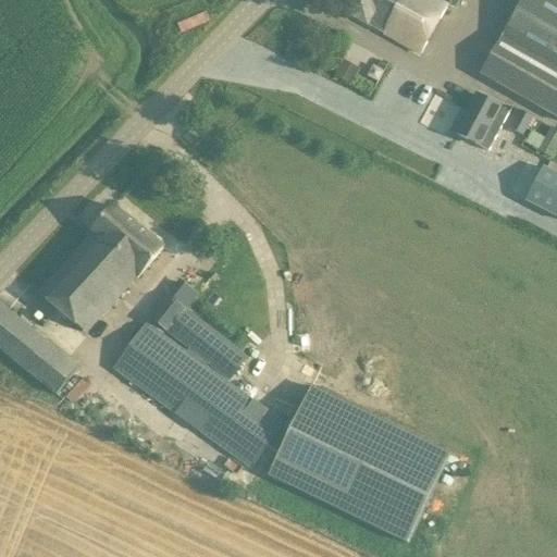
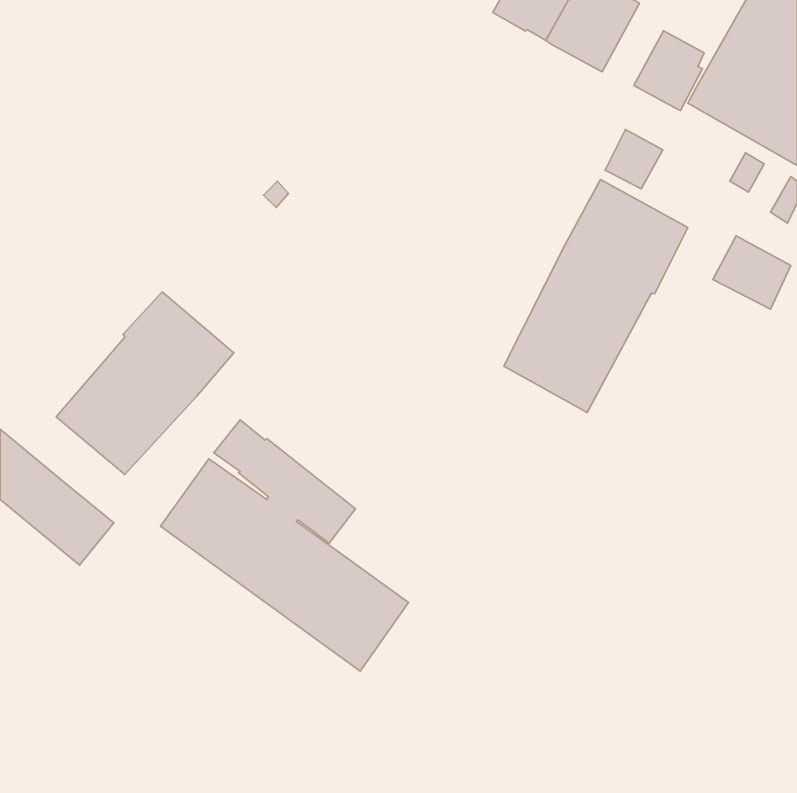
building: [456,92,505,148] -> [634,31,704,111]
building: none -> [504,179,688,413]
building: [268,385,450,542] -> none

